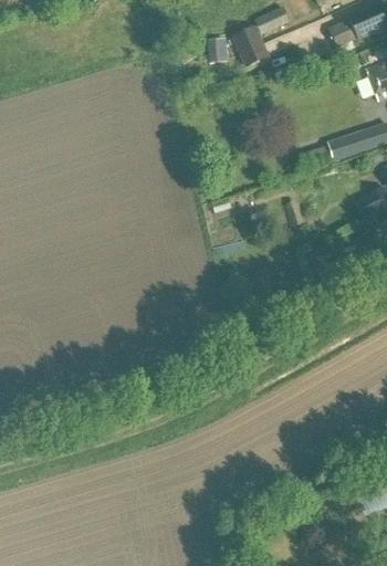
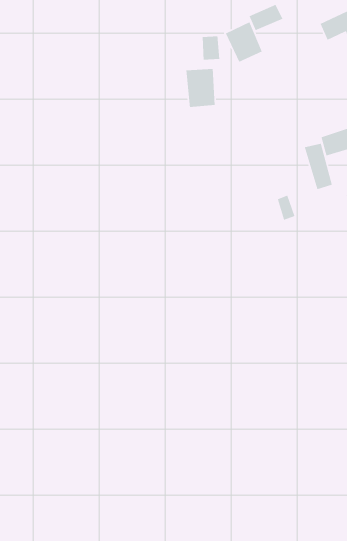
building: none -> [185,68,216,108]
building: none -> [304,143,333,190]

